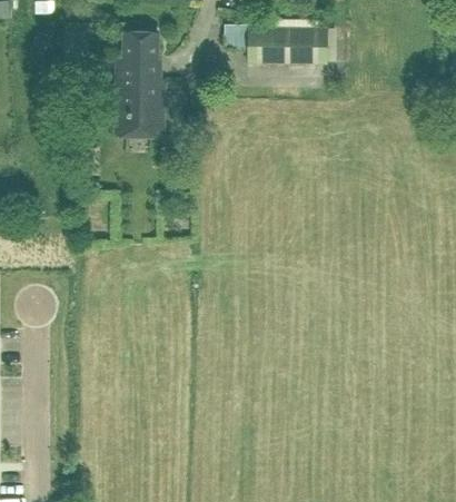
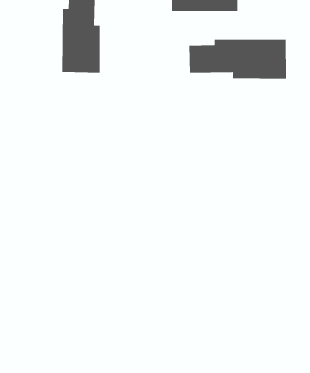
building: none -> [189,39,287,80]

